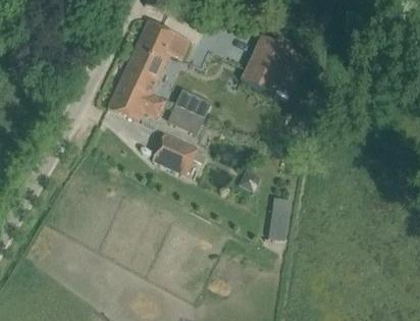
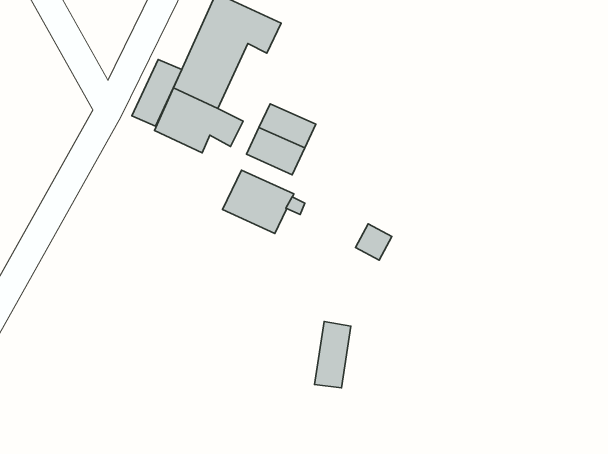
building: [240,30,308,101] -> none
building: none -> [132,59,182,126]
building: [268,198,292,240] -> [315,321,351,388]

